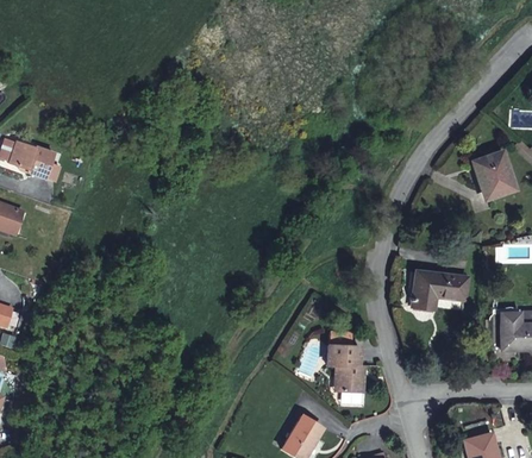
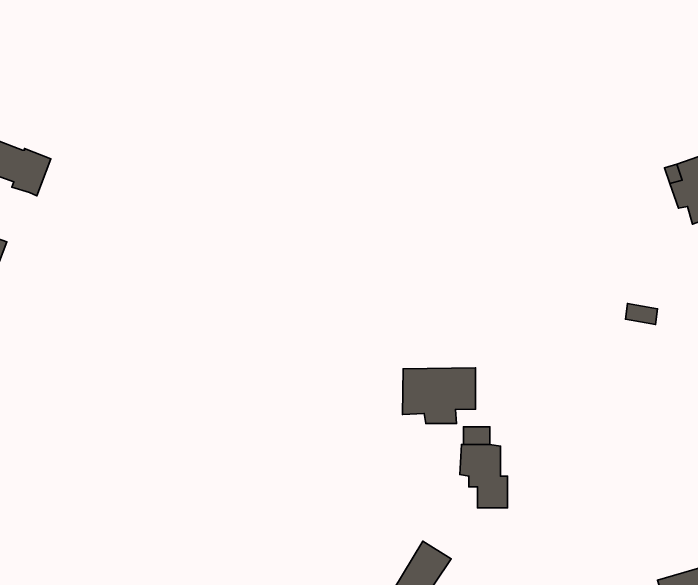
building: [409,270,467,309] -> none
building: none -> [403,368,475,424]

